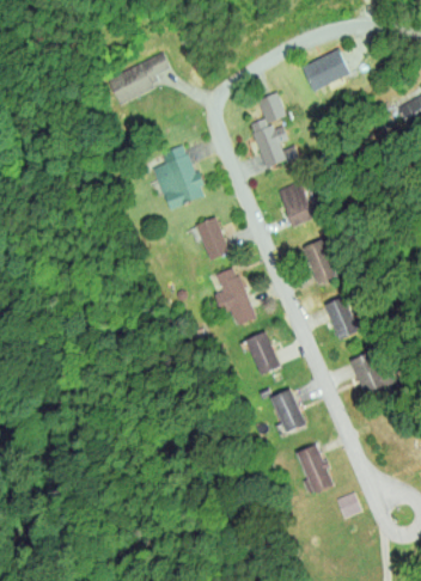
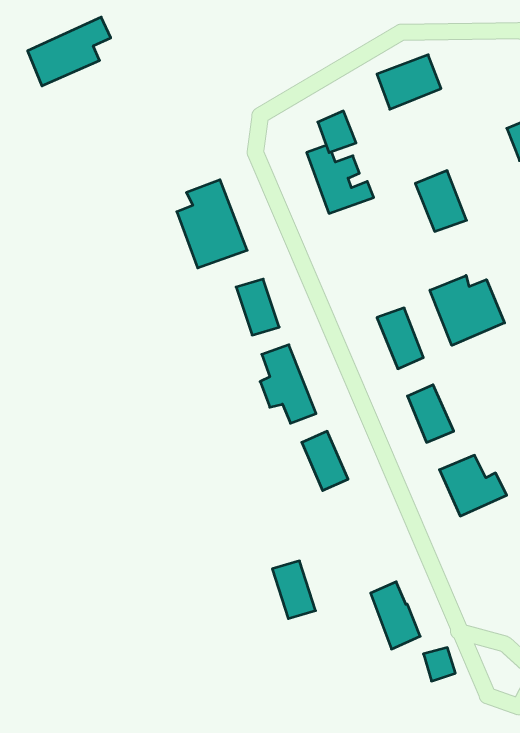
building: [108,53,170,104] -> [28,17,111,86]
building: [277,181,316,226] -> [415,171,467,231]
building: none -> [430,275,505,345]
building: [271,390,304,433] -> [272,561,316,619]

